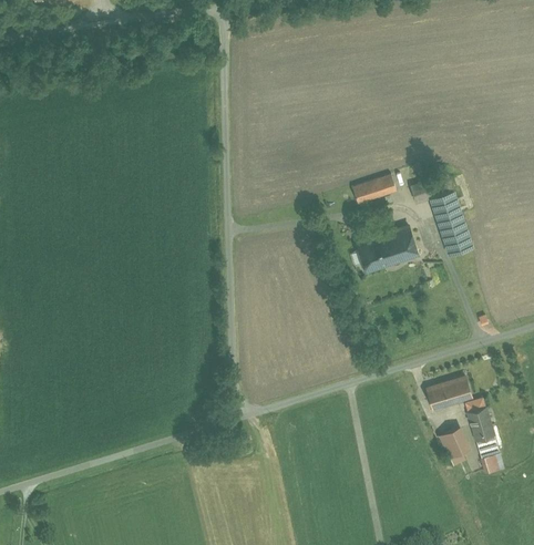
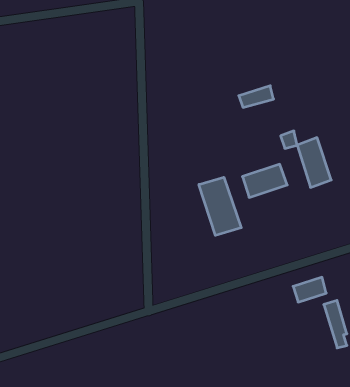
building: [349,176,396,205] -> [239,86,274,107]
building: none -> [199,177,241,235]
building: [440,426,470,457] -> none

